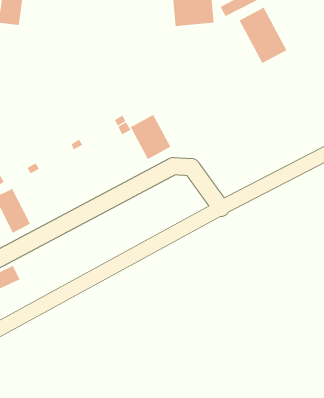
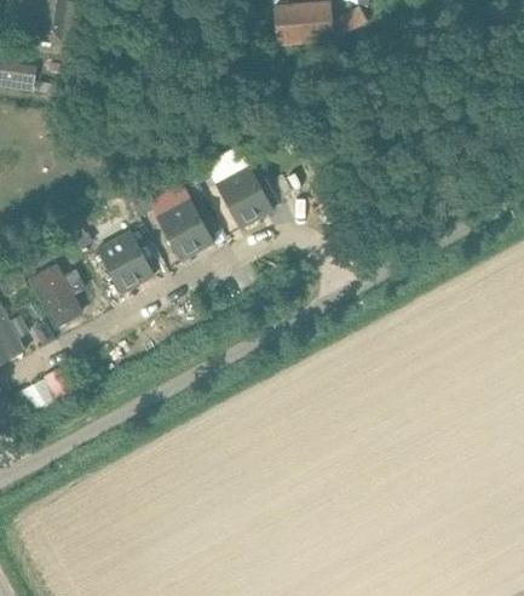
building: [239,7,287,64] -> none
building: none -> [157,196,214,258]
building: none -> [98,229,155,291]

